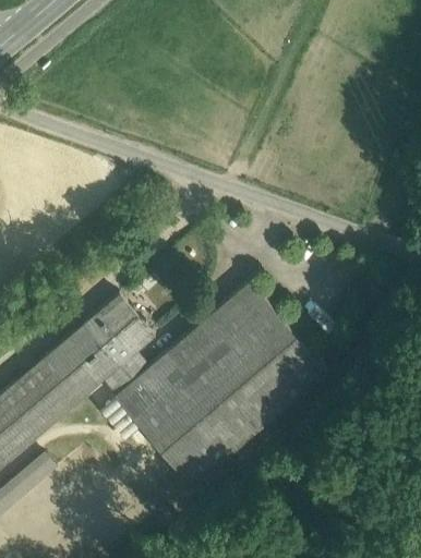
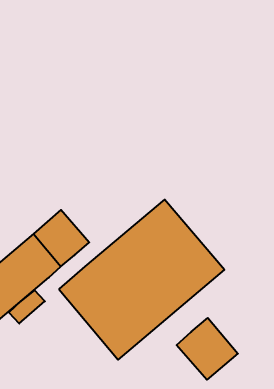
building: [101,353,147,396] -> [9,290,45,324]
building: none -> [177,318,238,380]

